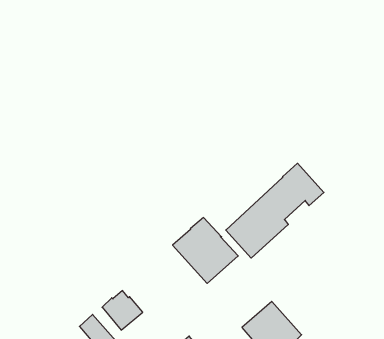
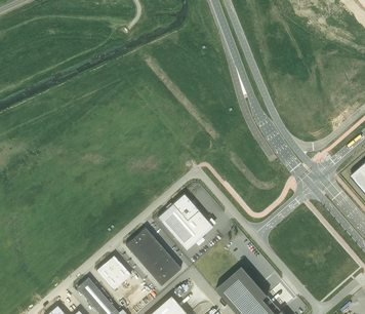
building: [226,163,324,258] -> none
building: none -> [126,229,181,287]

